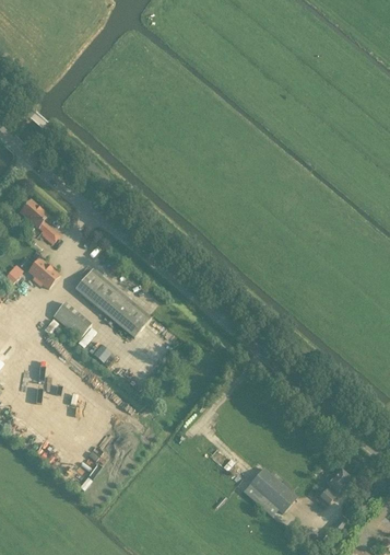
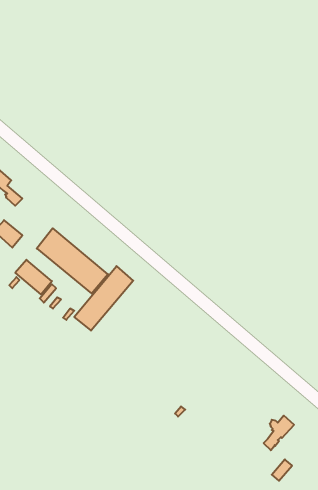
building: none -> [74,266,133,331]
building: [249,467,296,513] -> none

